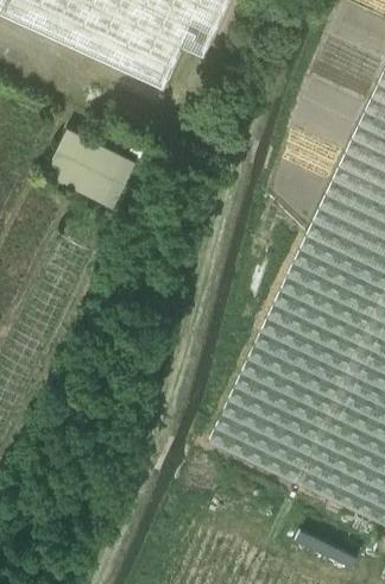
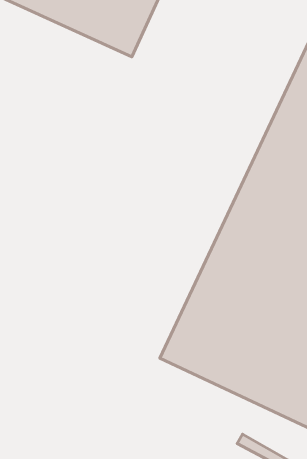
building: [45,127,135,206] -> none

